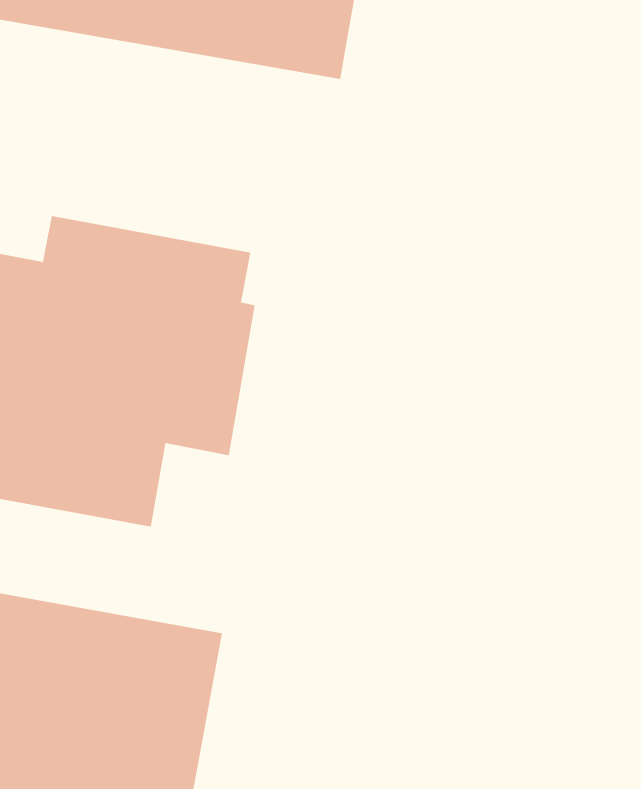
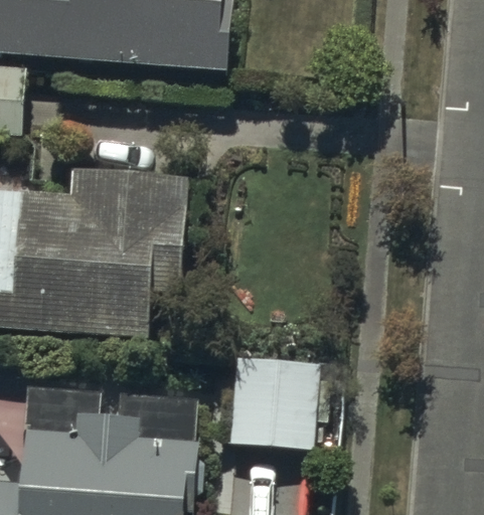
building: none -> [229,369,312,445]

